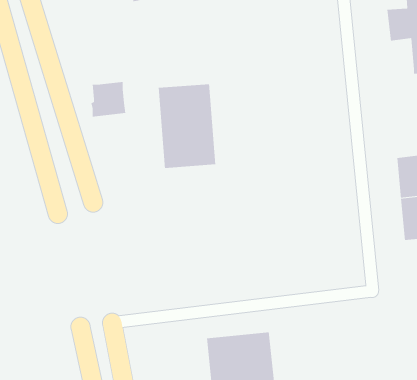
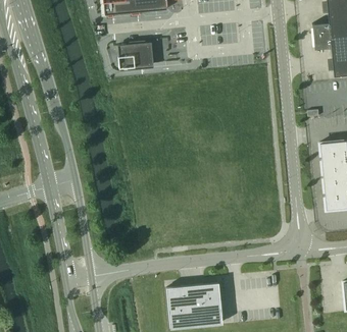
building: [91,81,126,117] -> [119,44,148,72]
building: [158,83,216,169] -> none

